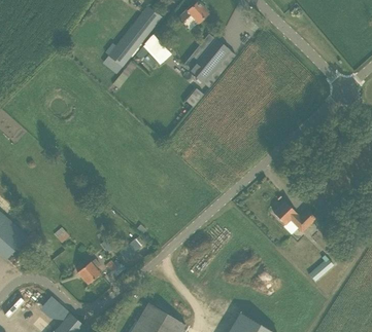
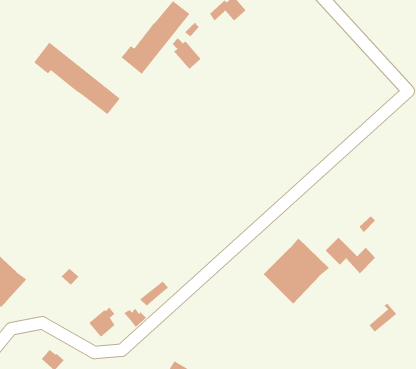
building: [190,40,228,81] -> none
building: none -> [33,42,121,115]
building: none -> [263,238,330,305]

